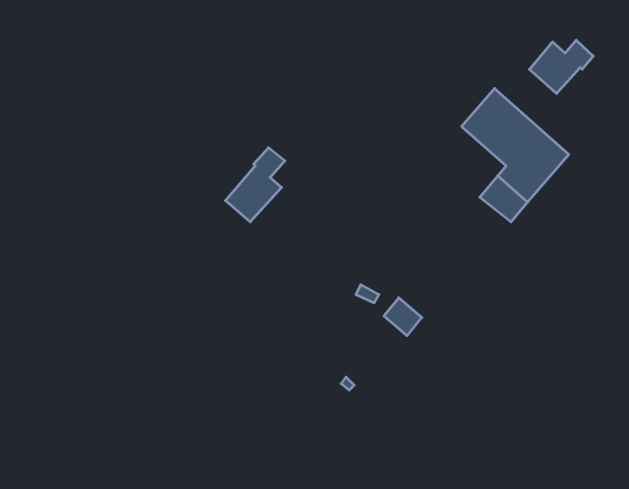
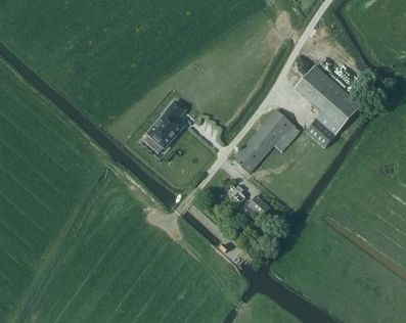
building: [529,40,593,94] -> none
building: none -> [232,109,300,173]

